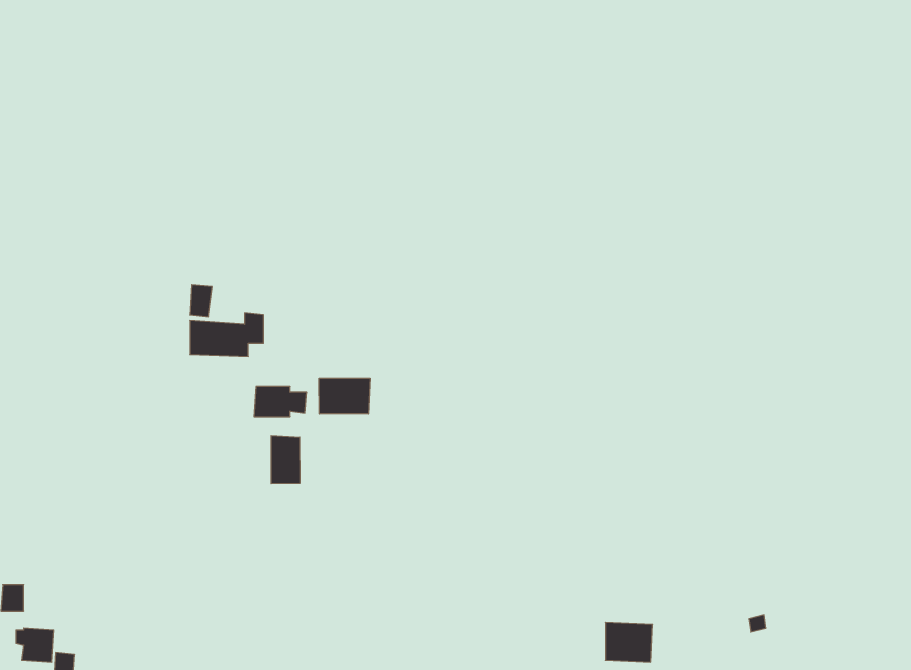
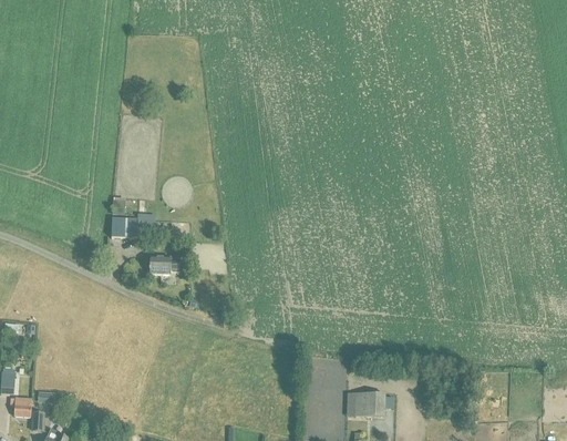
building: [319,378,370,414] -> none
building: [271,436,300,484] -> none

